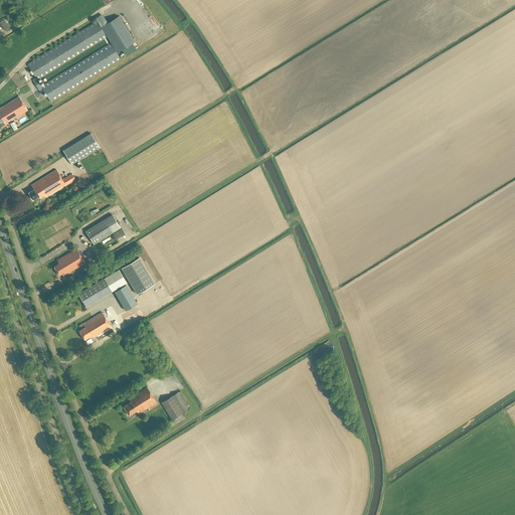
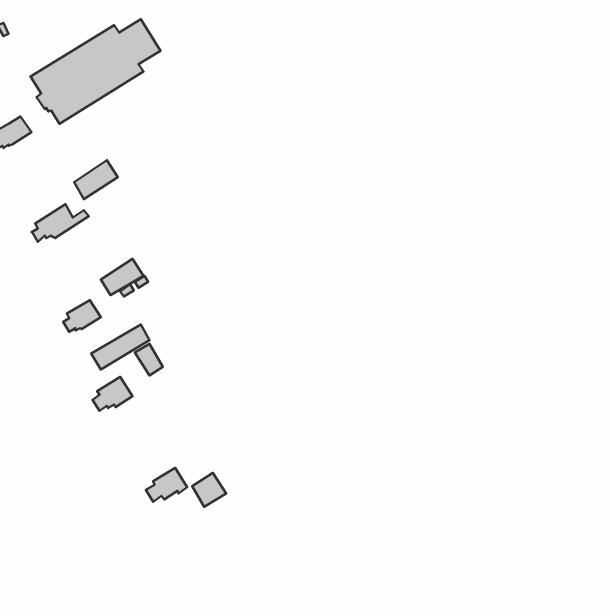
building: [122,259,154,294] -> none

